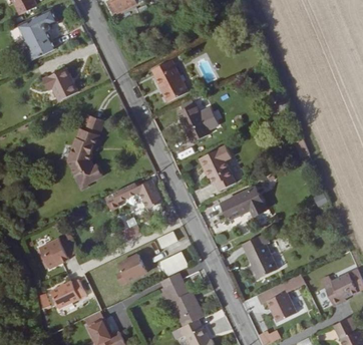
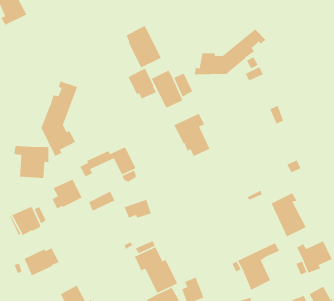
building: none -> [194,28,267,75]
building: [43,67,78,101] -> none
building: none -> [127,67,157,100]
building: none -> [13,145,49,179]
building: [221,182,269,219] -> none
building: [242,234,278,279] -> [270,192,307,238]
building: [160,252,188,276] -> none
building: [116,254,147,285] -> [52,179,83,210]

